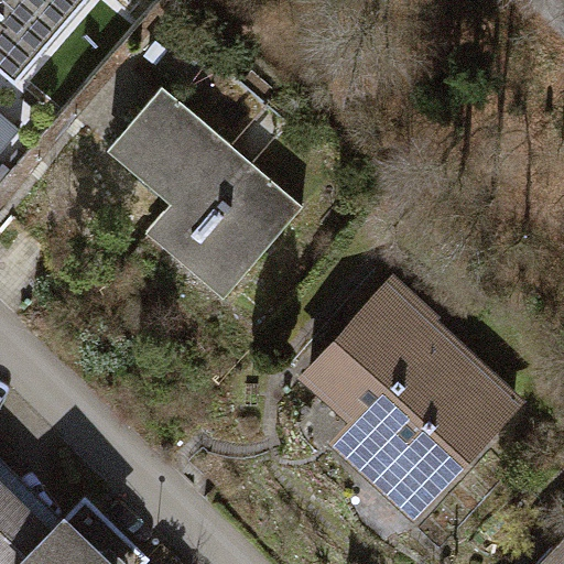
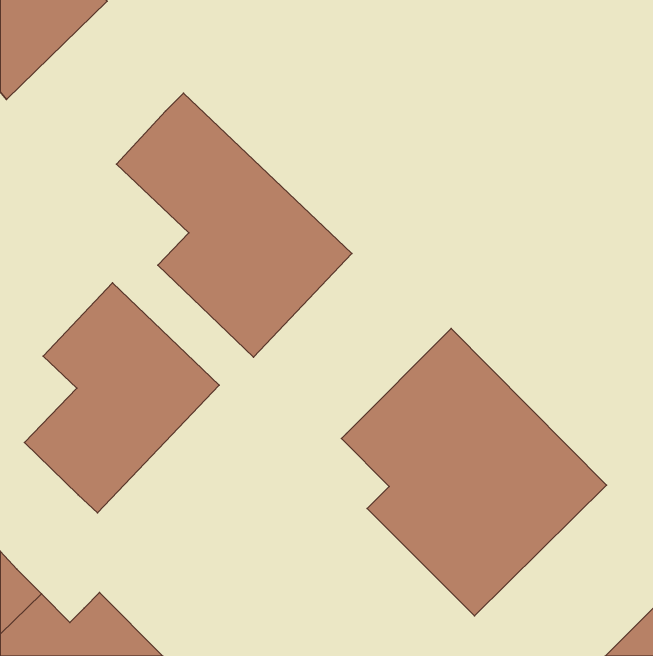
building: none -> [24,283,219,513]

